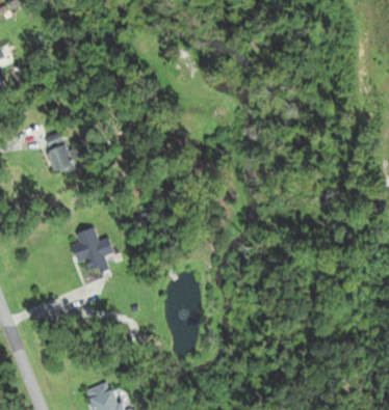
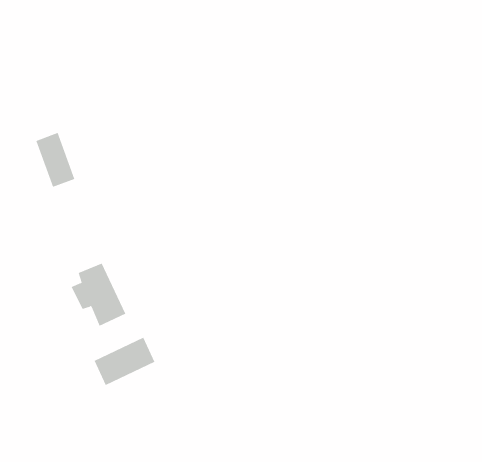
building: none -> [94,337,155,386]

